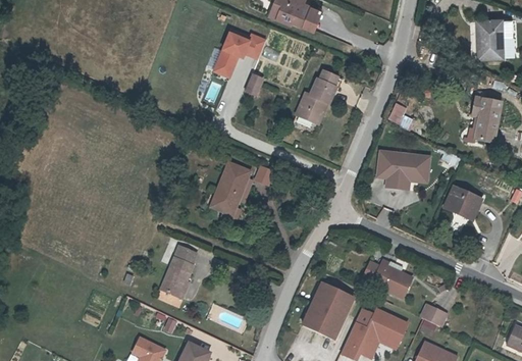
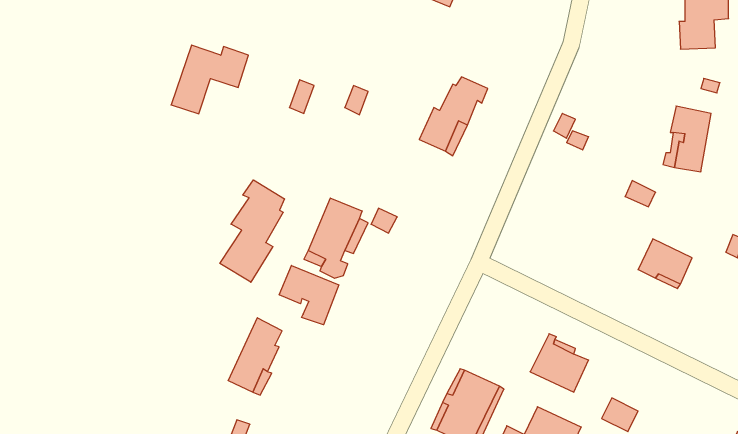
building: [210,31,264,79] -> [171,45,248,114]
building: [373,149,429,190] -> none
building: none -> [220,180,284,282]
building: none -> [279,265,339,325]

